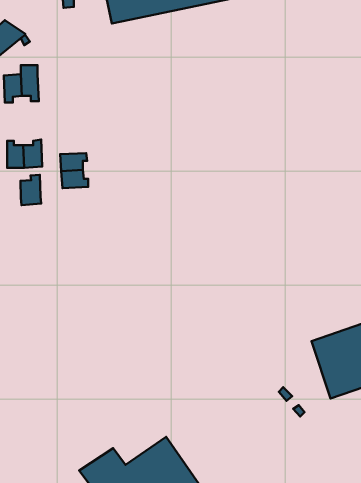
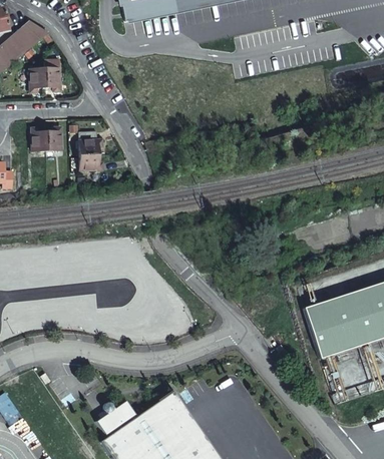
building: [21,175,41,205] -> none

